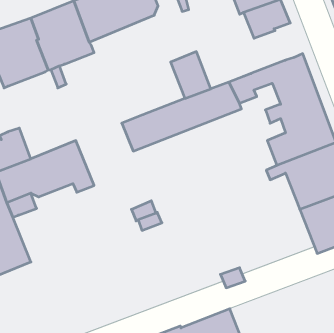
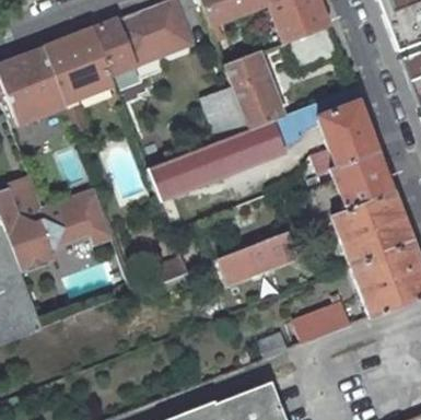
building: none -> [225,51,286,129]
building: none -> [220,232,295,282]
building: none -> [294,295,351,342]

